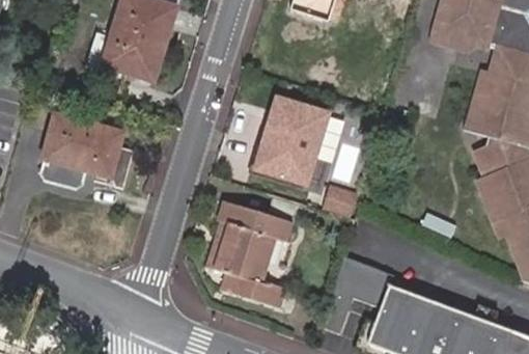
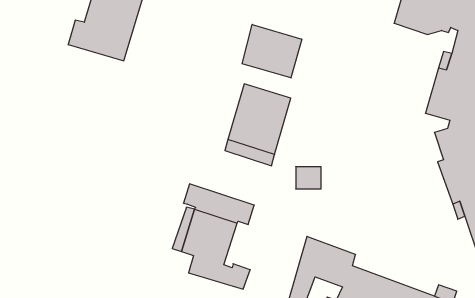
building: none -> [242,24,302,78]
building: [46,112,136,183] -> none

